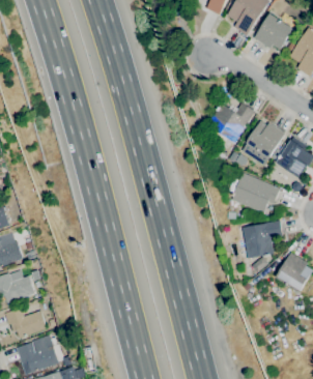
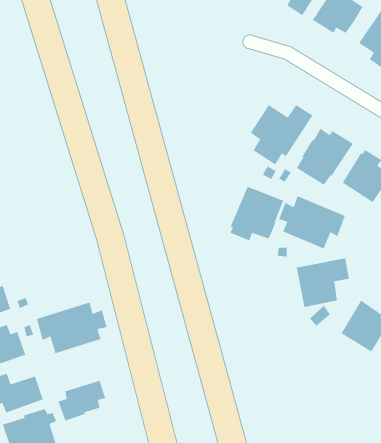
building: none -> [230,186,284,242]
building: none -> [36,302,107,354]
building: none -> [58,380,106,422]

